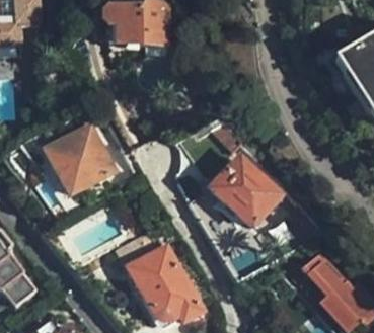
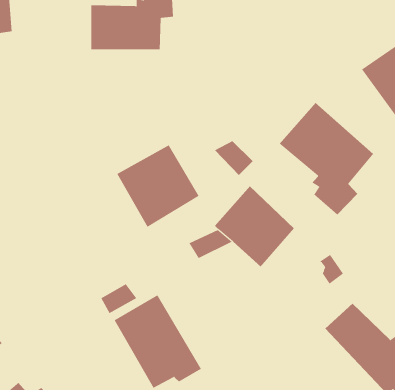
building: none -> [279,102,374,216]
building: [47,126,116,194] -> [116,144,200,228]

